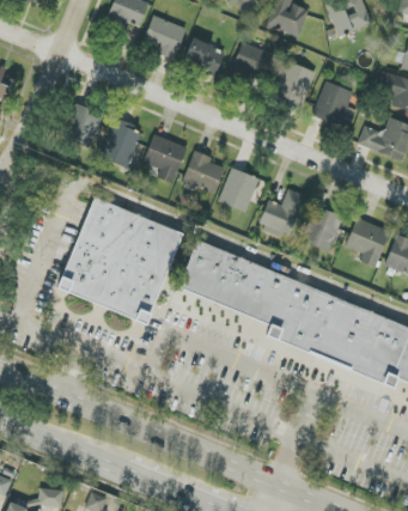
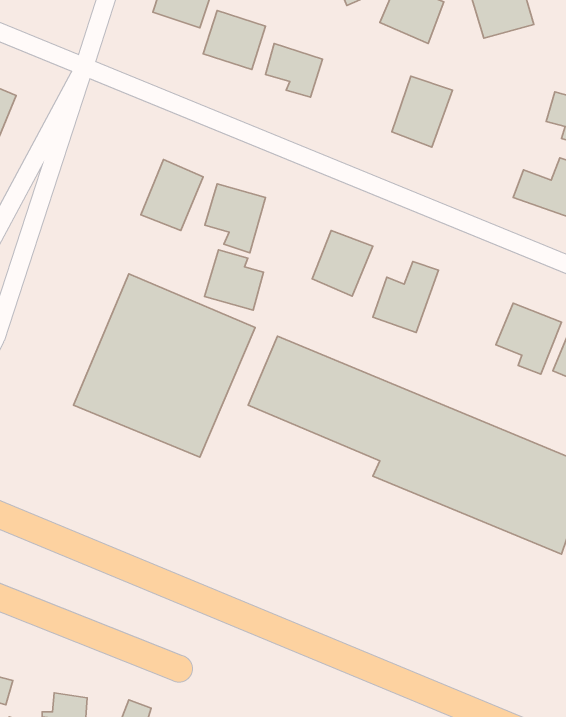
building: [227,41,272,85] -> none
building: [313,81,355,126] -> none
building: [65,102,103,146] -> none
building: [183,150,224,191] -> [205,250,263,310]
building: [302,202,343,250] -> none

